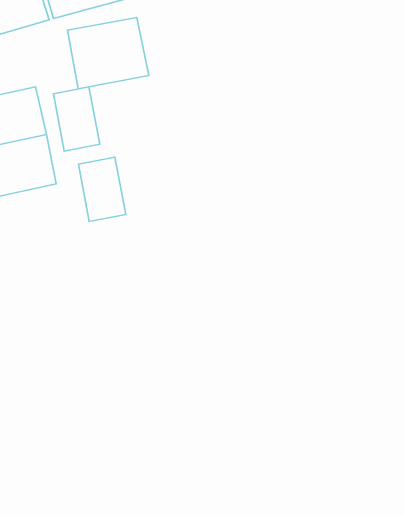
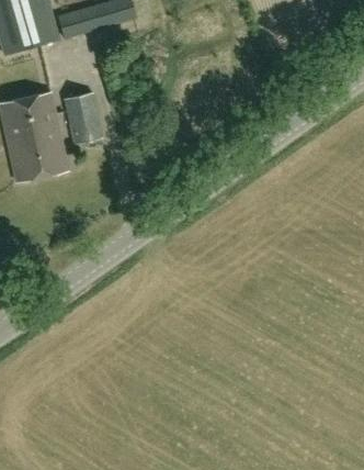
building: [68,17,149,89] -> none
building: [78,157,126,221] -> none

